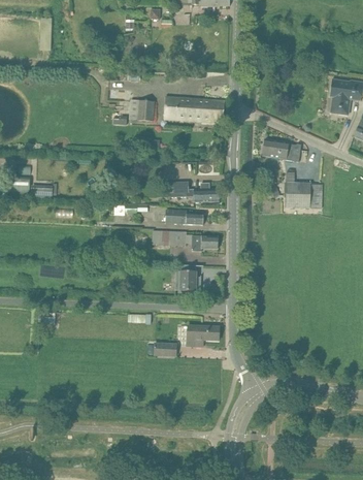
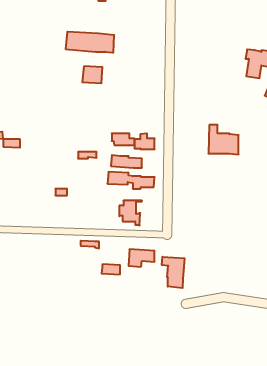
building: [165,96,225,122] -> [66,32,114,53]
building: [263,138,301,160] -> none
building: none -> [162,257,185,288]

